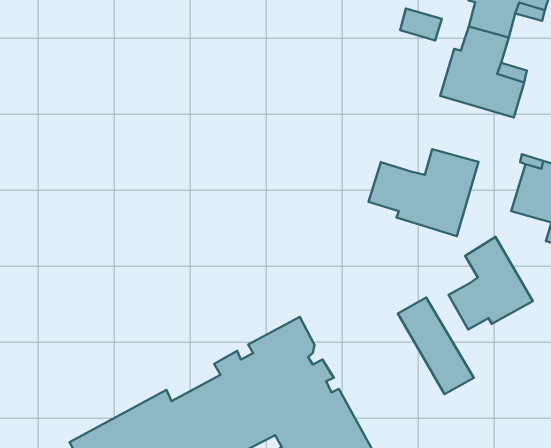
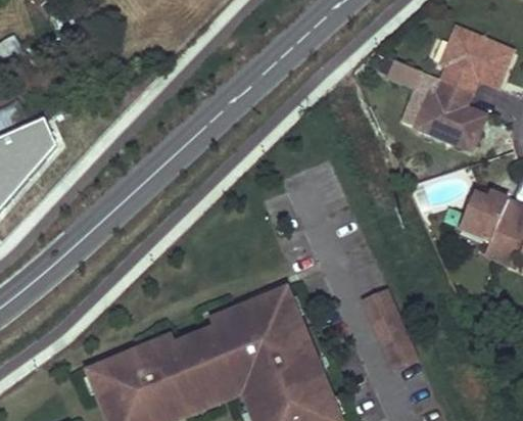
building: [369,149,479,236] -> none
building: [449,237,533,329] -> none

